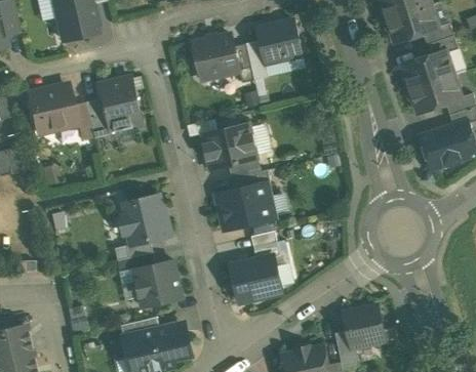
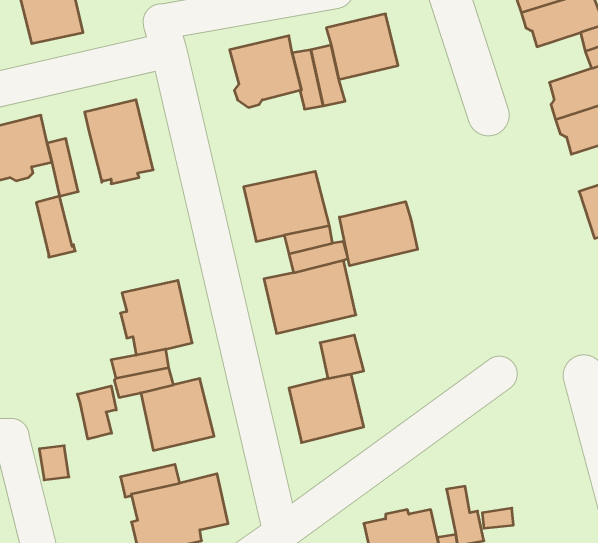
building: [85,98,111,138] -> [36,196,75,257]
building: none -> [339,202,418,266]
building: none -> [77,386,116,439]
building: [344,306,386,348] -> none

